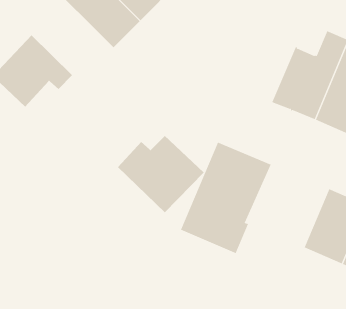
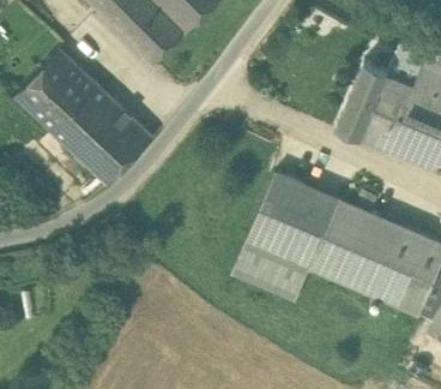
building: [117,135,204,213] -> [53,95,153,185]
building: none -> [307,198,403,294]

